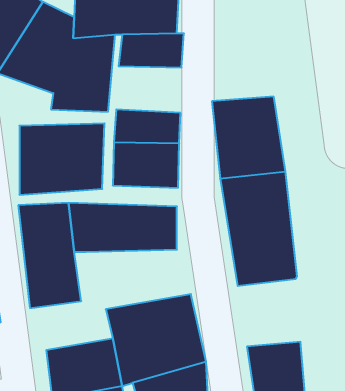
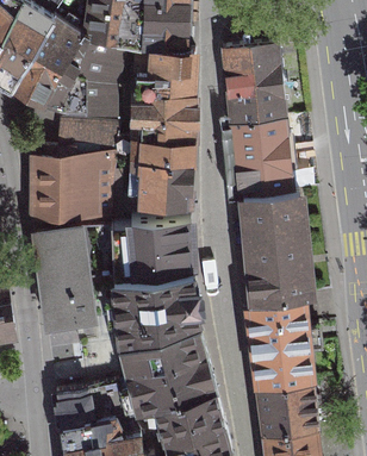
building: none -> [219,46,290,124]
building: none -> [129,88,195,136]
building: none -> [98,275,205,336]
building: none -> [253,305,317,374]

